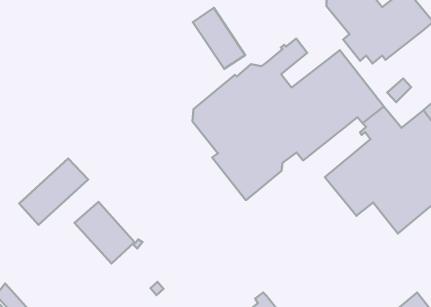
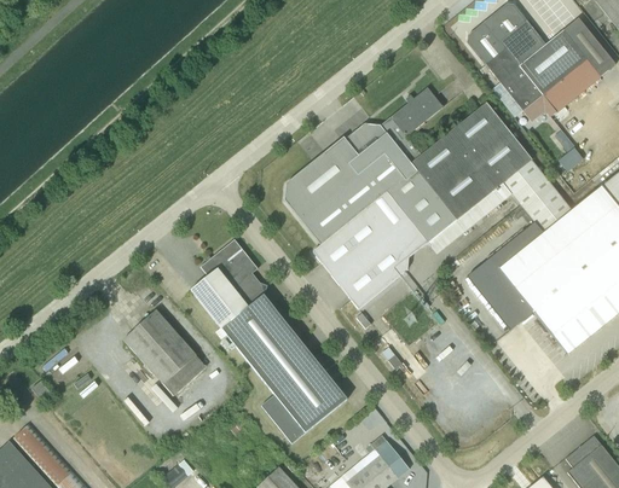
building: [193,8,245,69] -> none
building: none -> [191,239,347,442]
building: [19,158,88,225] -> none

